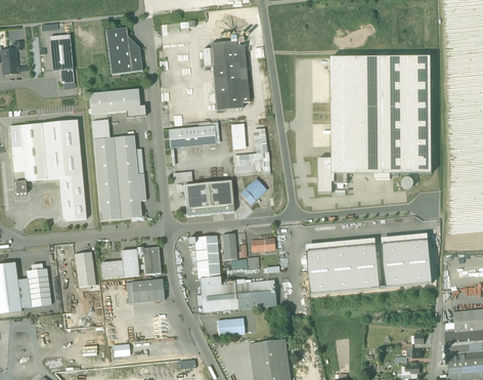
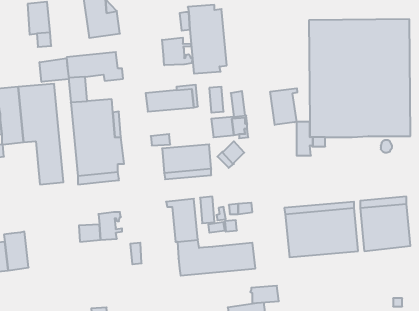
building: none -> [162,38,192,65]
building: none -> [40,58,69,82]
building: none -> [270,88,297,125]
building: [142,246,161,273] -> none
building: [75,251,95,288] -> none
building: [131,280,155,302] -> none
building: [216,318,245,335] -> [250,286,279,303]

